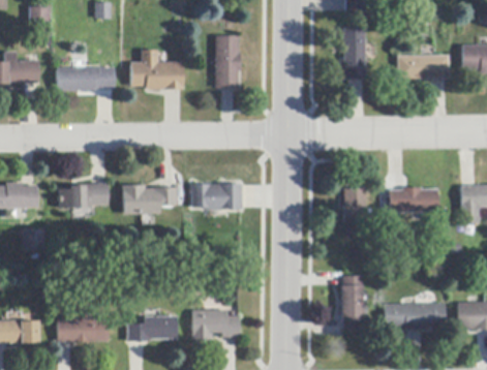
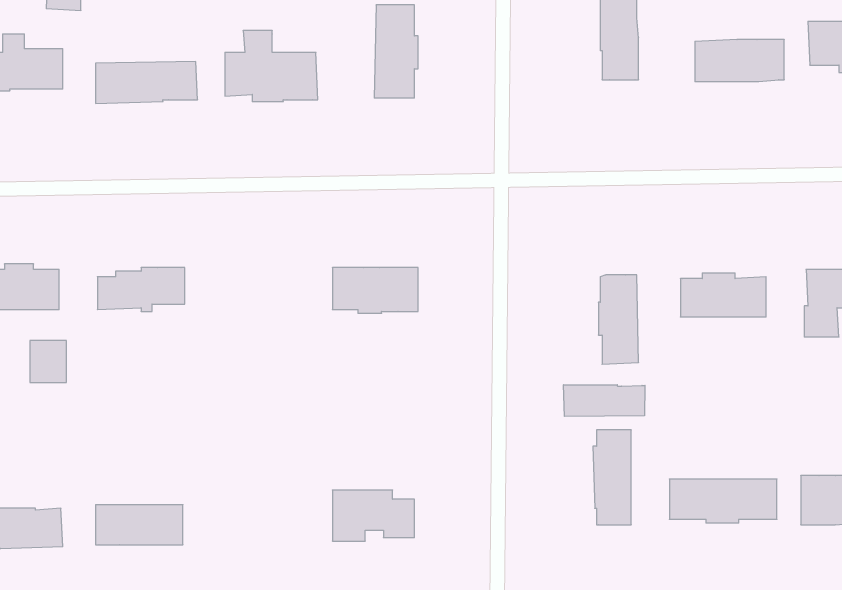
building: [122,184,177,214] -> none
building: none -> [564,385,645,416]
building: [127,316,177,341] -> none

